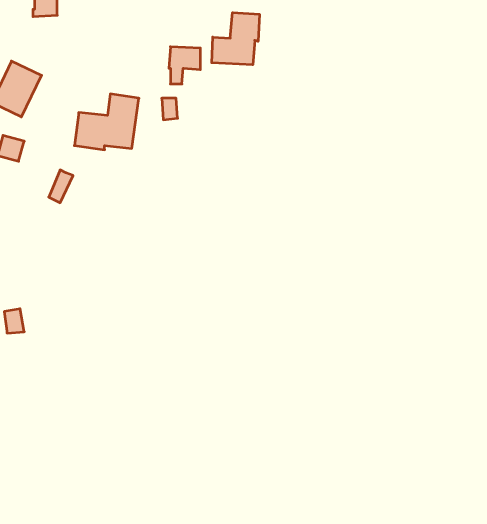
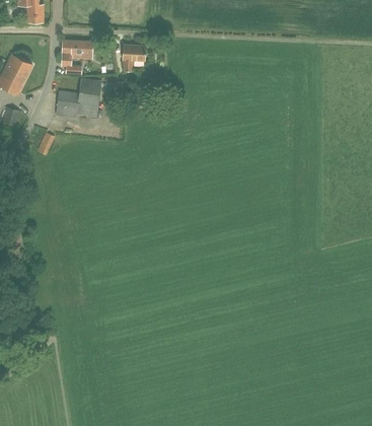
building: [212,13,259,65] -> none
building: none -> [61,40,91,75]

